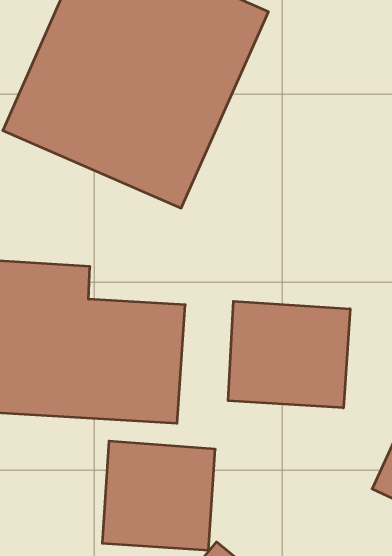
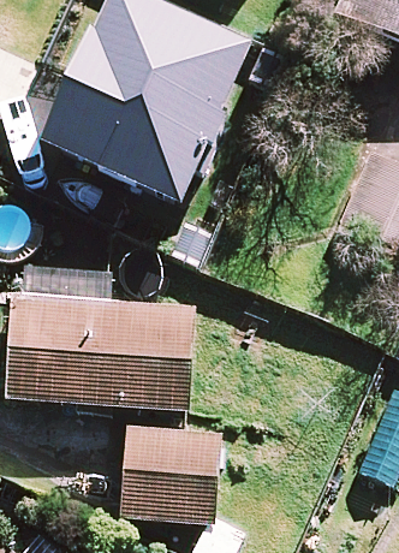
building: [228,301,350,408] -> none

